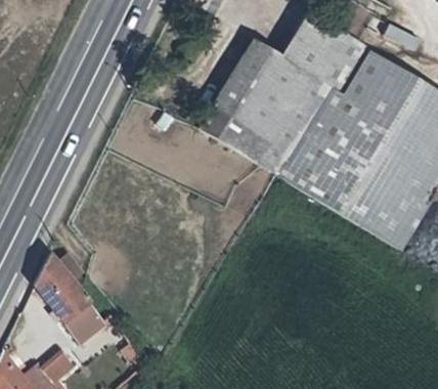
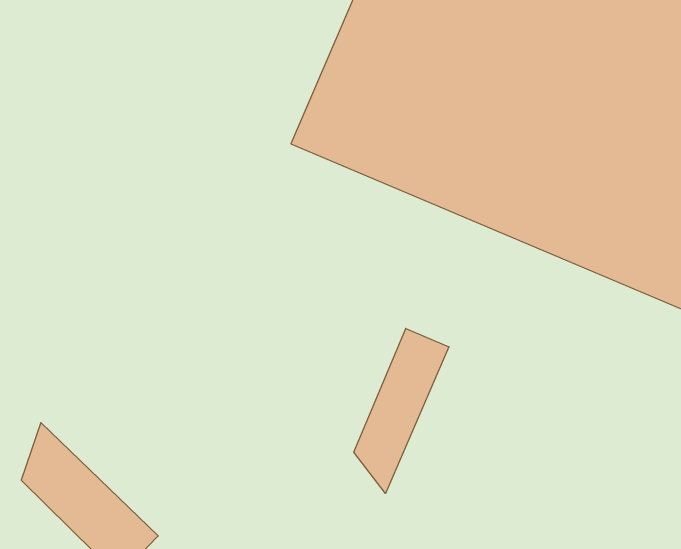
building: none -> [354,328,449,493]

